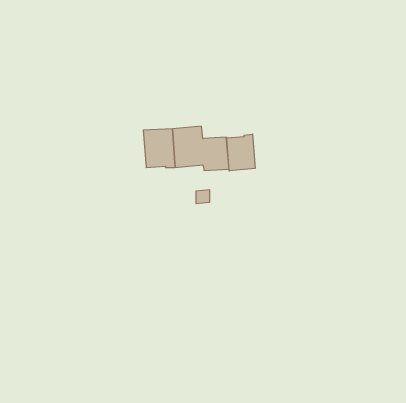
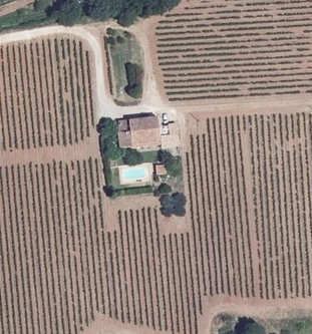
building: [227,134,255,171] -> none

